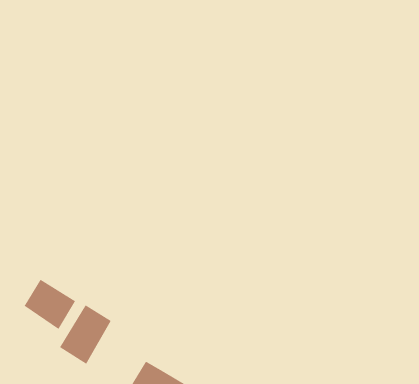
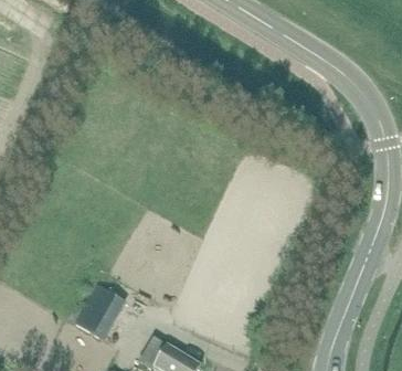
building: [24,279,76,330] -> none

